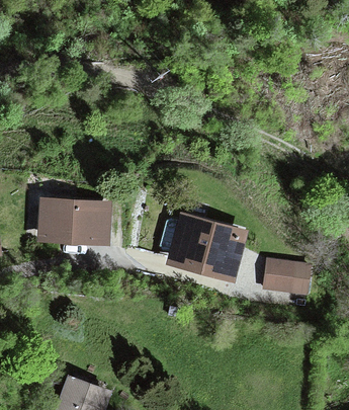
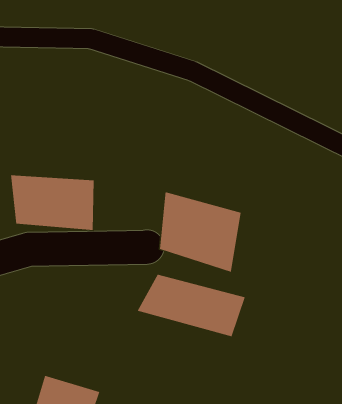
building: [268,254,319,292] -> none
building: none -> [137,274,246,337]

